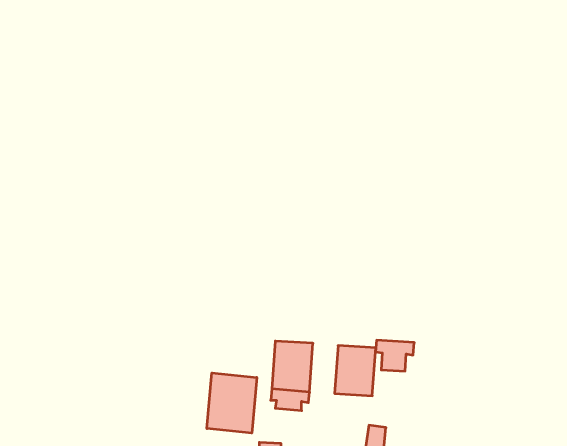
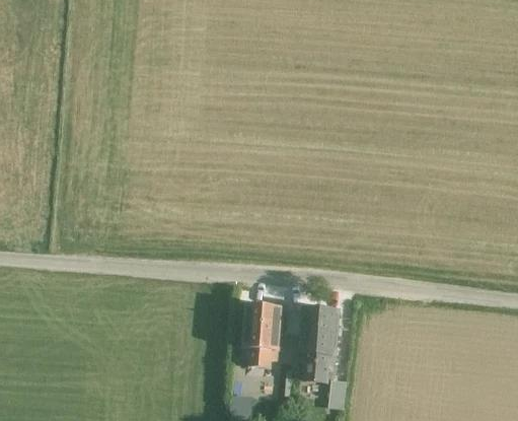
building: [375,340,414,371] -> [301,351,336,378]
building: [207,373,257,433] -> none

